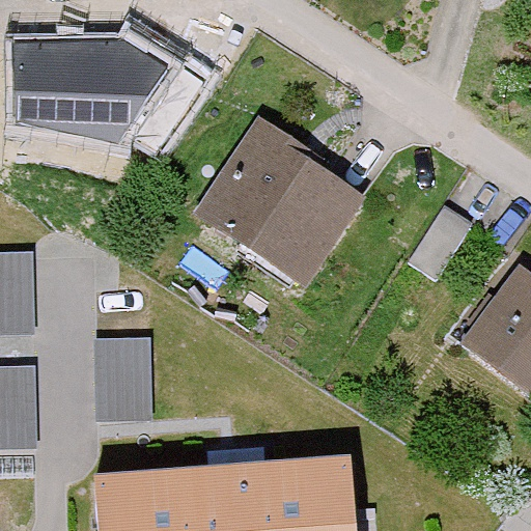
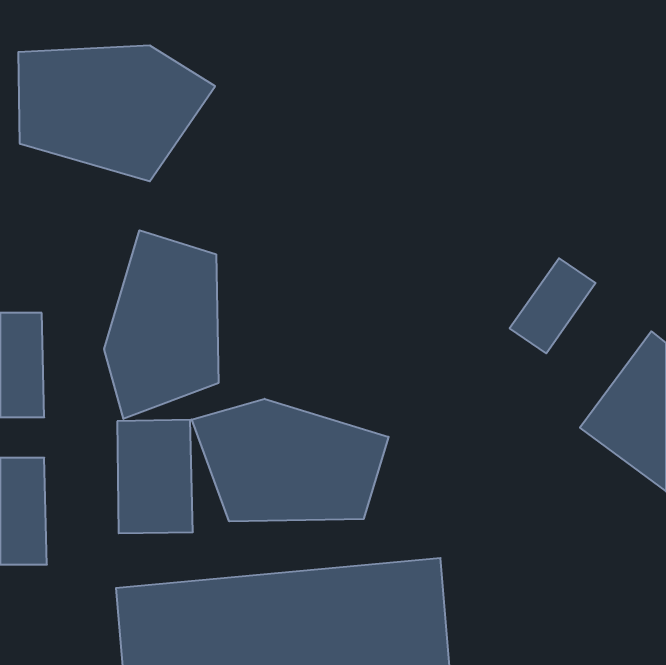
building: [192,122,360,292] -> none
building: none -> [104,230,218,419]
building: none -> [192,399,389,521]

